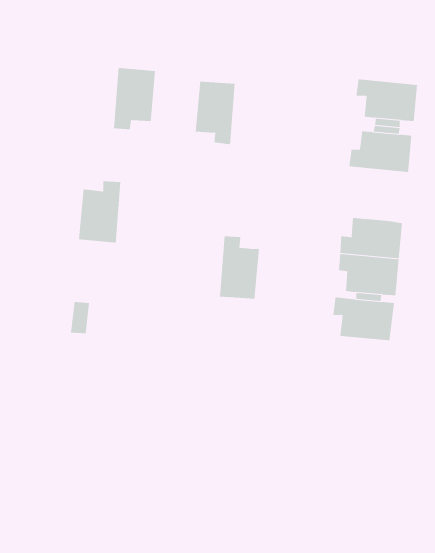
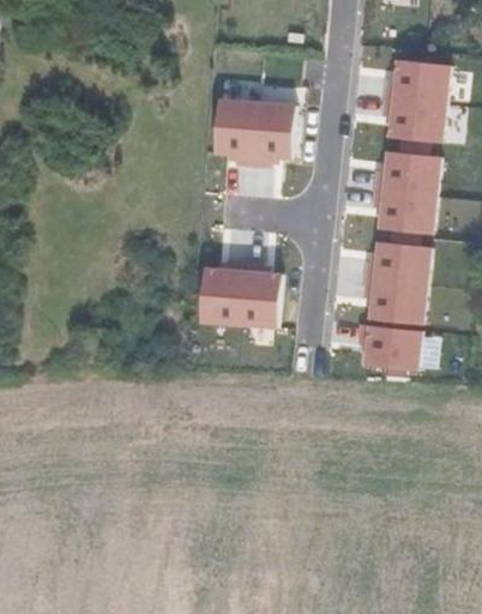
building: none -> [384,60,450,104]
building: [113,67,156,130] -> [252,103,296,168]
building: none -> [372,189,436,234]
building: [78,181,121,243] -> [200,260,245,325]

